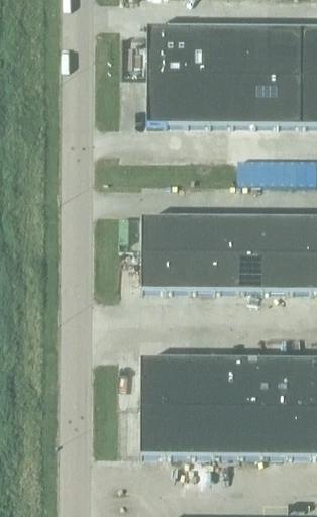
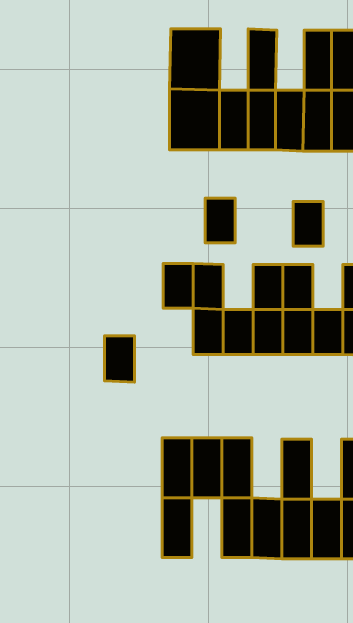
building: [188,24,211,74] -> none
building: [233,25,256,74] -> none
building: [191,215,215,251] -> [205,198,235,243]
building: [263,215,288,251] -> [293,201,323,246]
building: [142,250,167,288] -> [104,336,134,382]
building: [214,355,238,405] -> none
building: [262,356,287,405] -> none
building: [166,404,190,452] -> none

